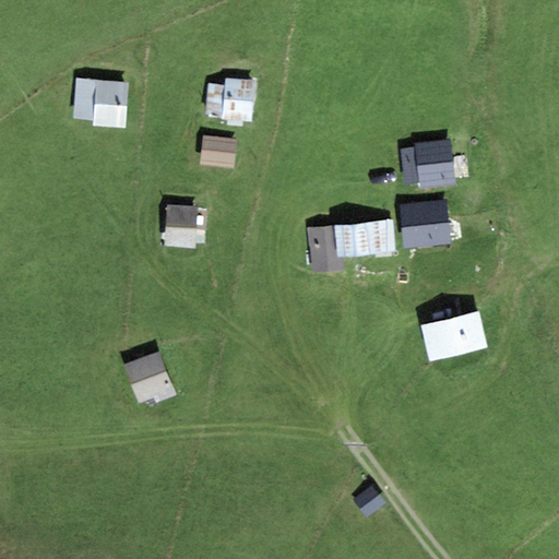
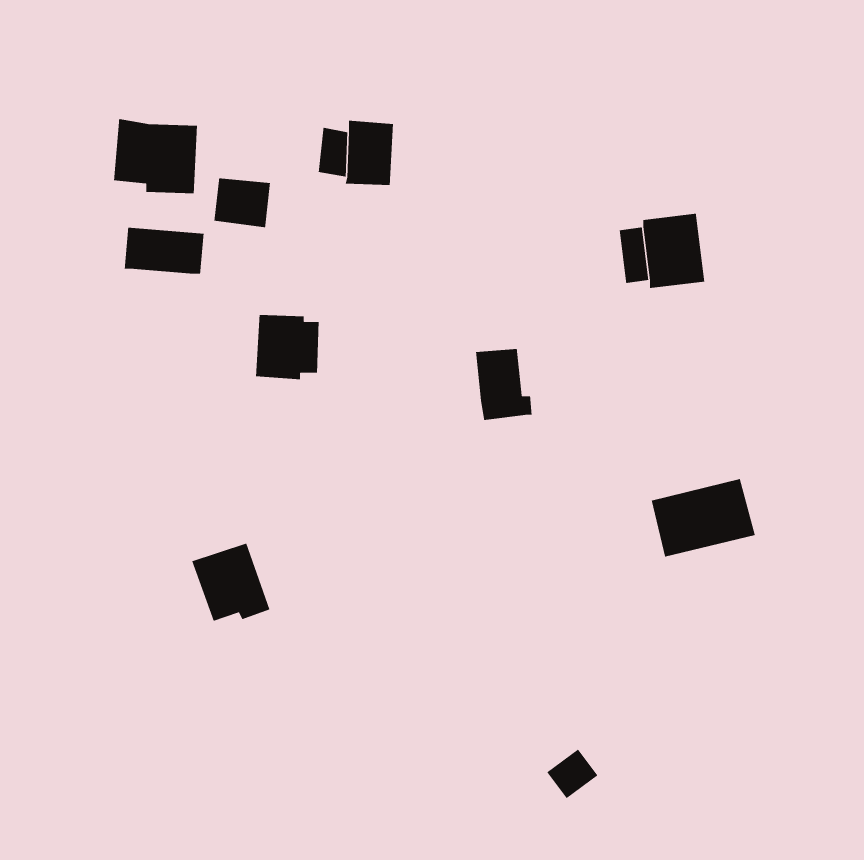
building: [200,134,237,167] -> [213,177,271,228]
building: none -> [124,227,204,275]
building: [400,199,451,247] -> none
building: [334,218,395,255] -> none

